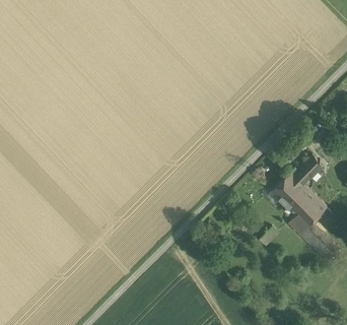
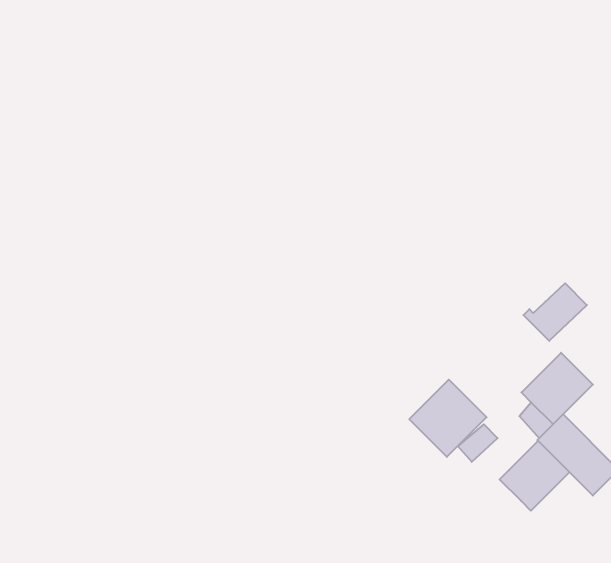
building: [270,171,309,210] -> [409,380,487,457]
building: none -> [500,441,569,511]

